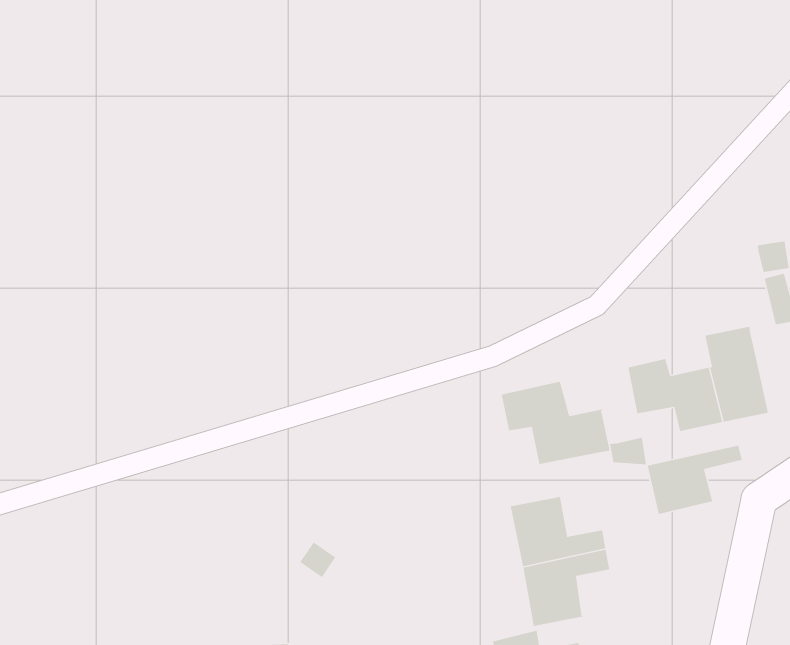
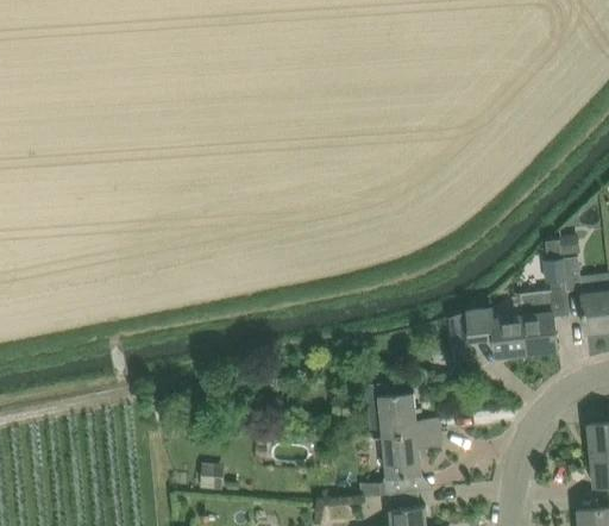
building: [501,381,611,465] -> none
building: [647,445,743,515] -> none

